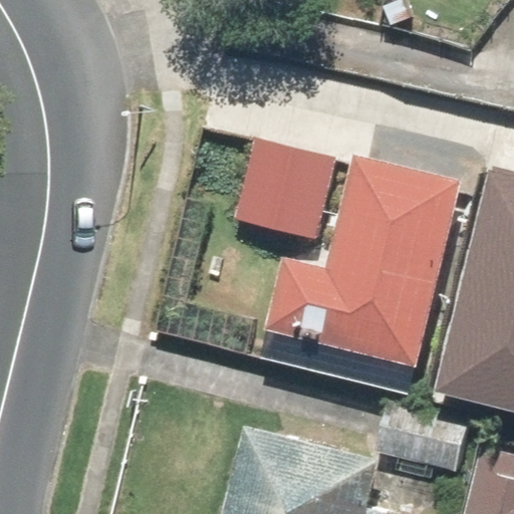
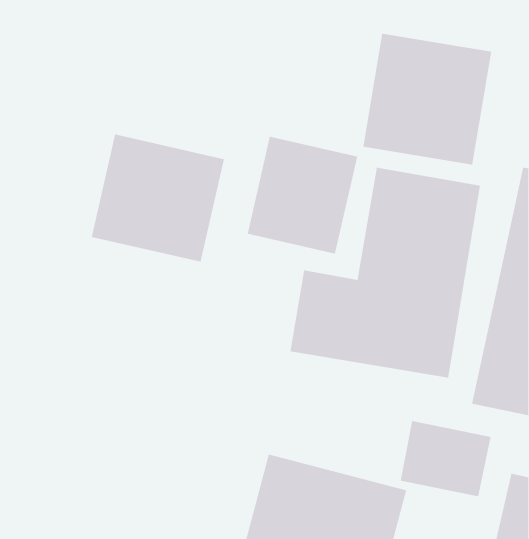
building: none -> [362,33,492,166]
building: none -> [91,134,225,263]

